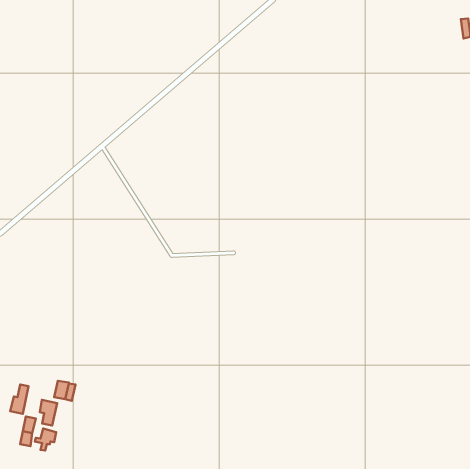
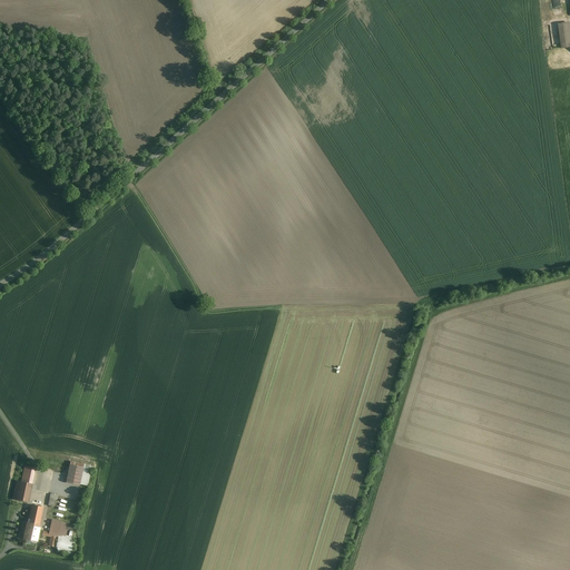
building: [40,400,57,426] -> none

